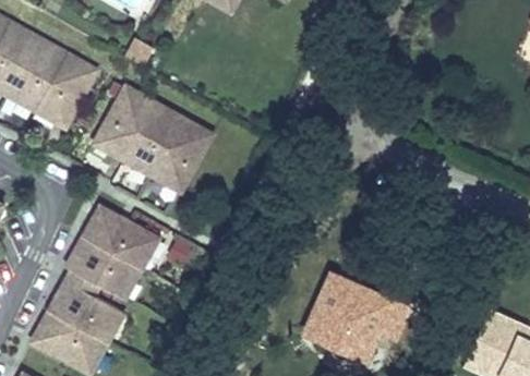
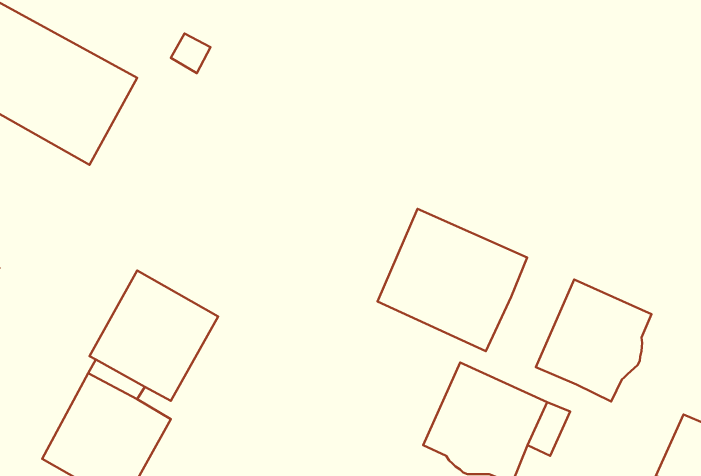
building: [89,82,216,195] -> none
building: none -> [377,209,527,351]
building: none -> [536,280,651,402]

